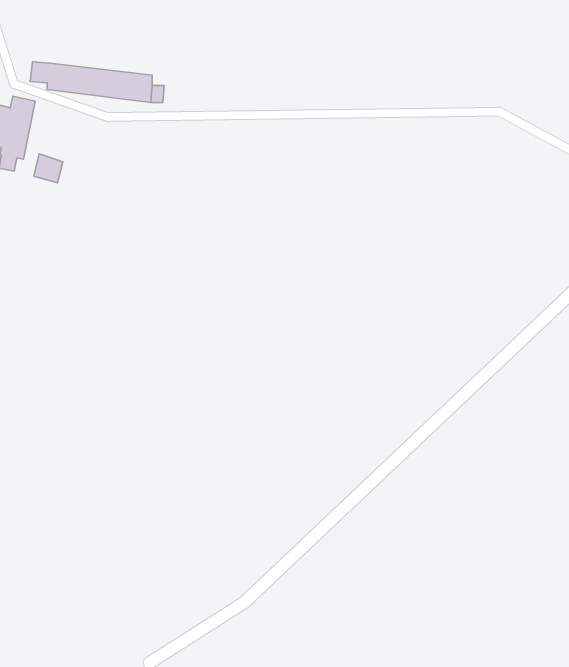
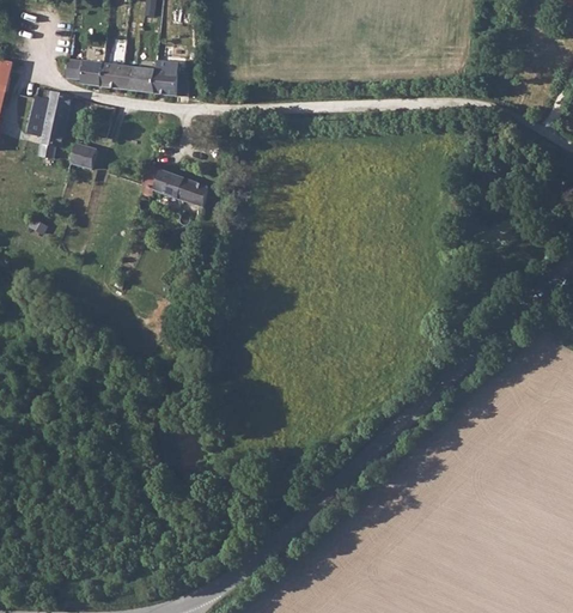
building: none -> [132,163,200,204]

